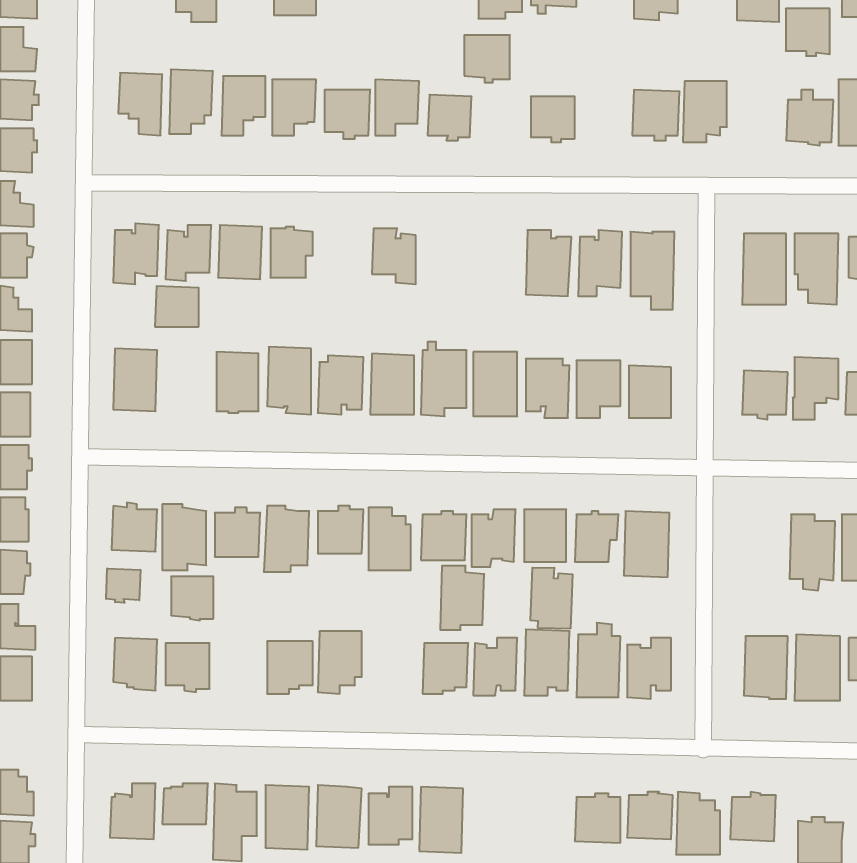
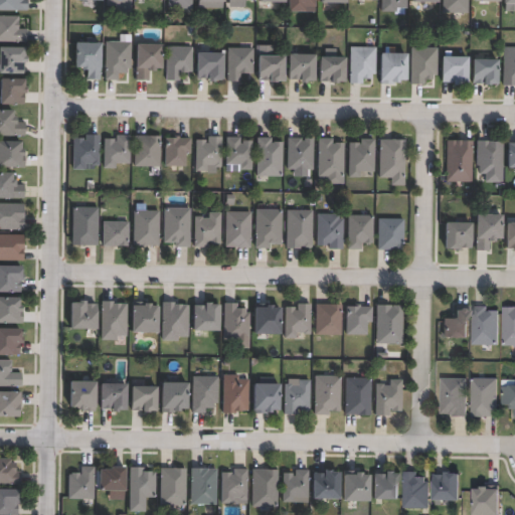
building: [786,9,830,56] -> [443,57,469,85]
building: [464,35,510,82] -> [289,55,316,83]
building: none -> [350,47,376,83]
building: none -> [195,135,221,170]
building: none -> [256,136,283,175]
building: none -> [287,137,313,168]
building: [155,286,199,327] -> [102,220,128,244]
building: none -> [444,307,472,337]
building: [440,566,484,630] -> [224,374,250,412]
building: [530,568,572,629] -> none
building: [106,568,140,603] -> none
building: [171,576,213,620] -> [134,385,159,411]
building: none -> [285,469,311,502]
building: none -> [316,469,343,498]

